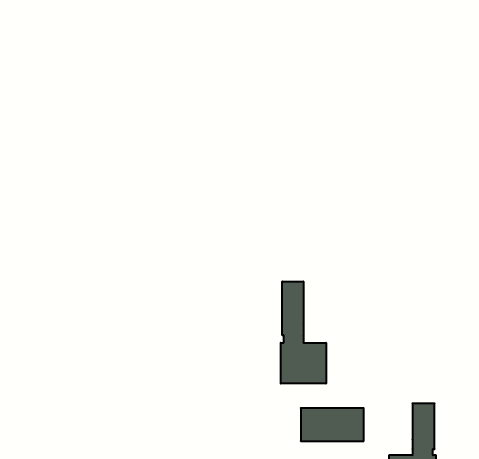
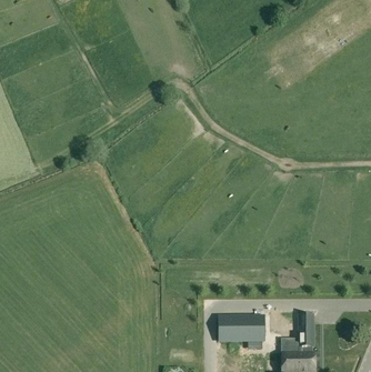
building: [281,281,326,384] -> none

